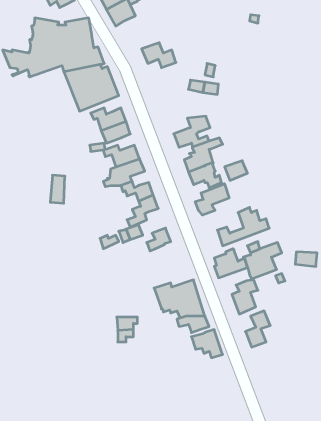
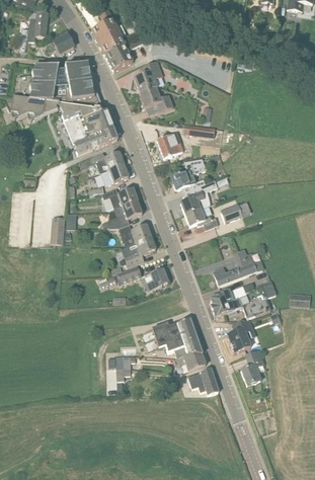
building: none -> [135,60,163,92]
building: none -> [157,131,184,157]
building: [195,184,229,215] -> none

